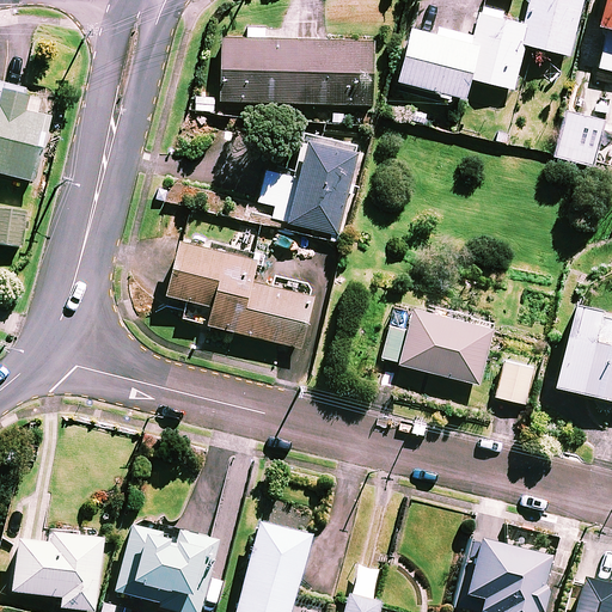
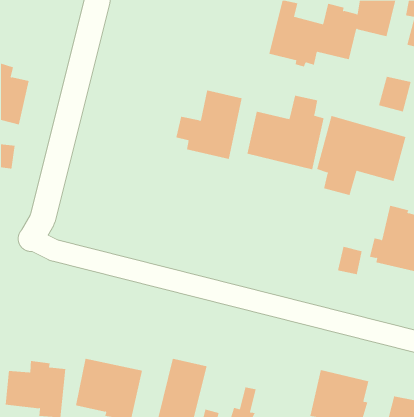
building: [221,27,375,104] -> none
building: none -> [247,95,324,170]
building: none -> [316,115,406,196]
building: [166,239,317,347] -> none
building: [384,302,497,384] -> none

